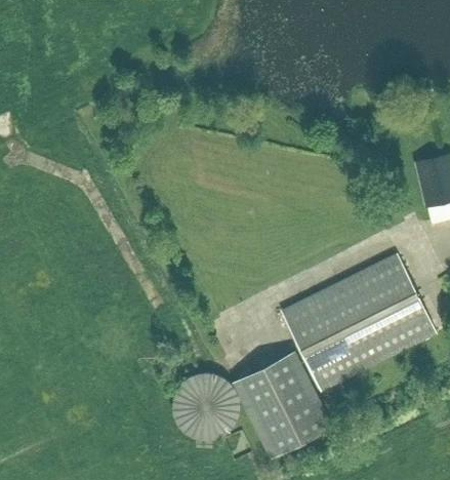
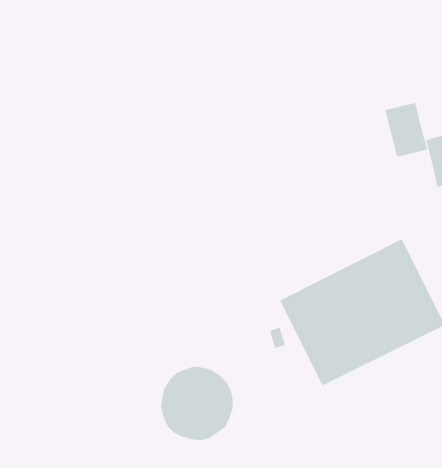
building: none -> [385,102,428,157]
building: [233,351,333,458] -> none

